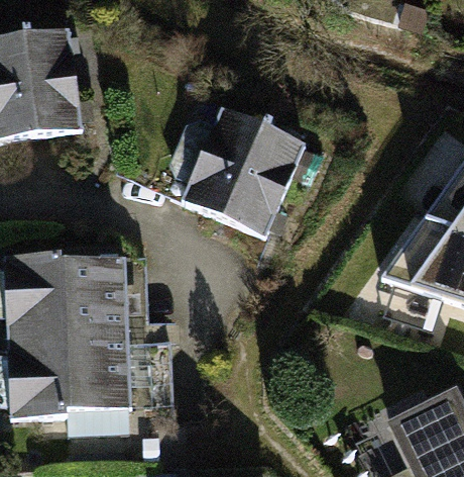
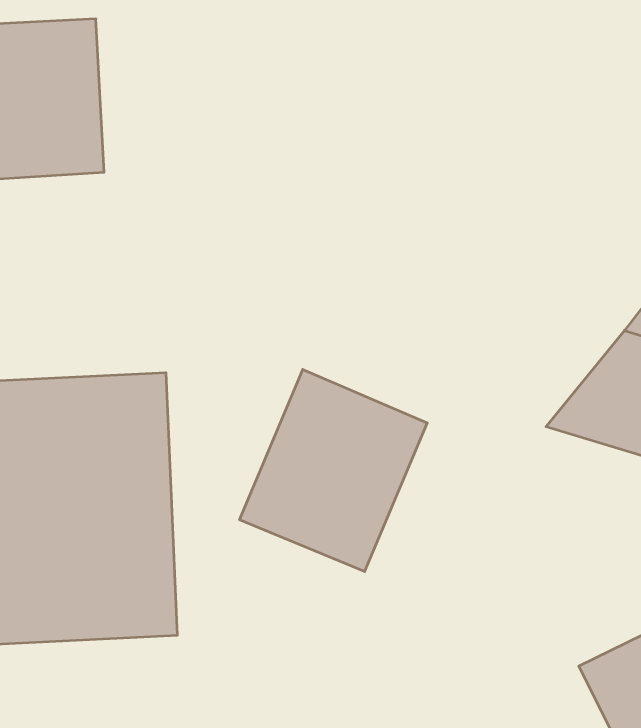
building: [183,107,305,242] -> none
building: none -> [240,369,427,572]

